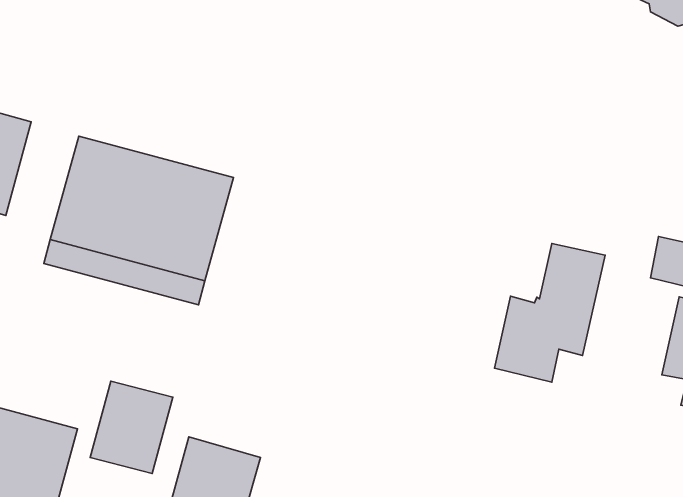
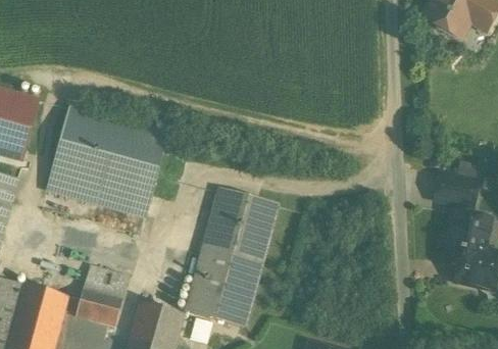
building: [495,243,605,382] -> none
building: none -> [187,188,279,326]

